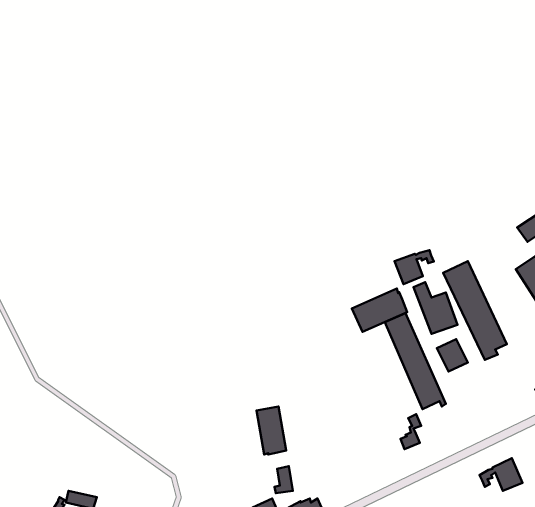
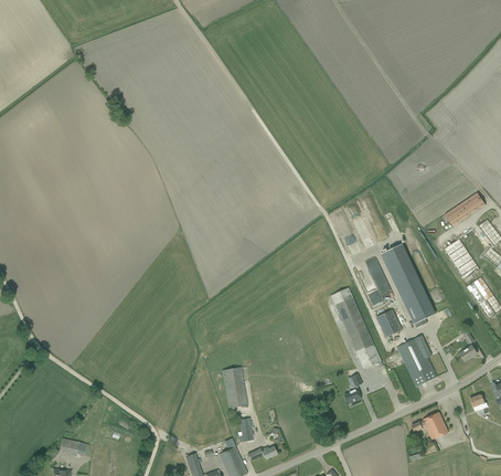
building: [394,250,434,284] -> none
building: [352,289,407,332] -> none
building: none -> [397,335,437,385]

